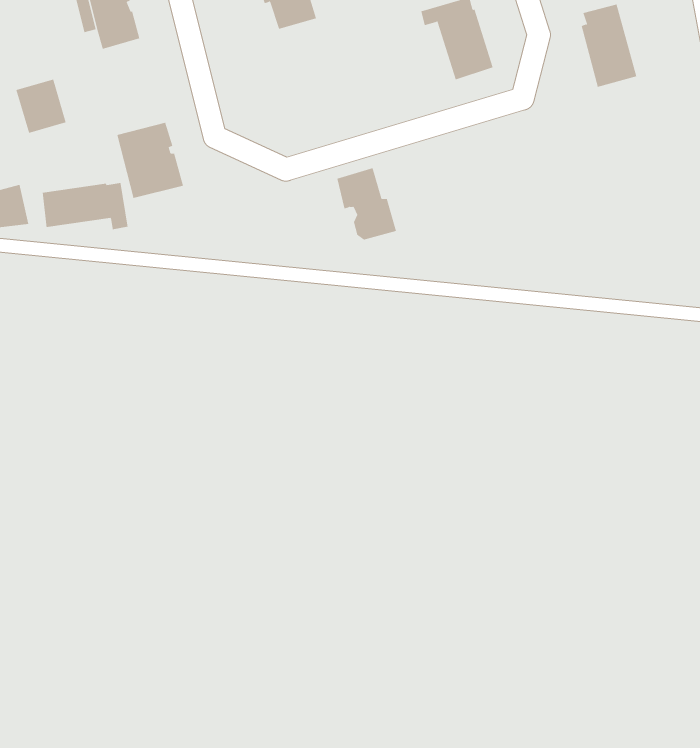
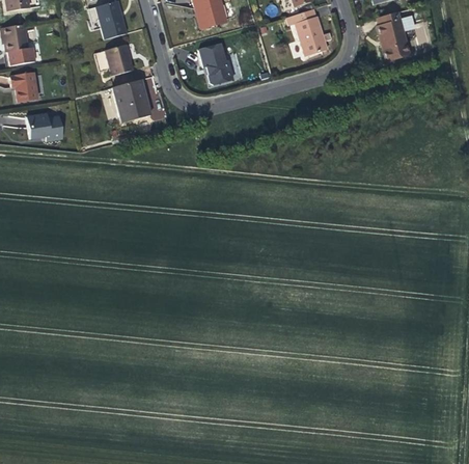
building: [16,79,67,133] -> [105,45,134,76]
building: [337,167,397,240] -> [199,43,233,84]
building: [42,182,128,230] -> none

